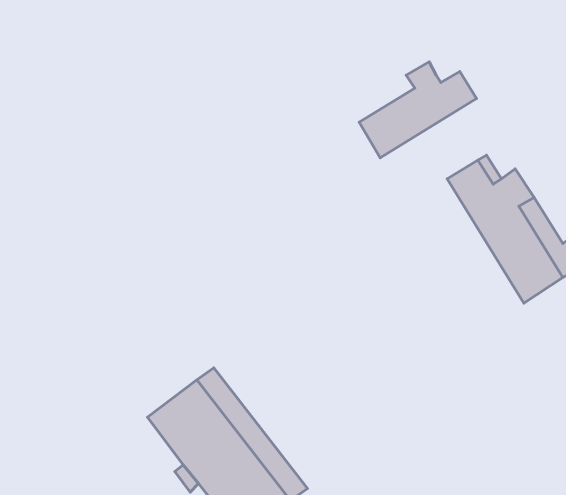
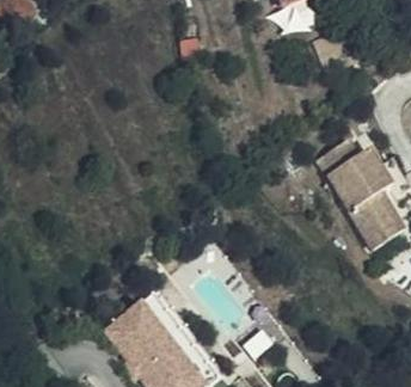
building: [359,62,477,158] -> none

